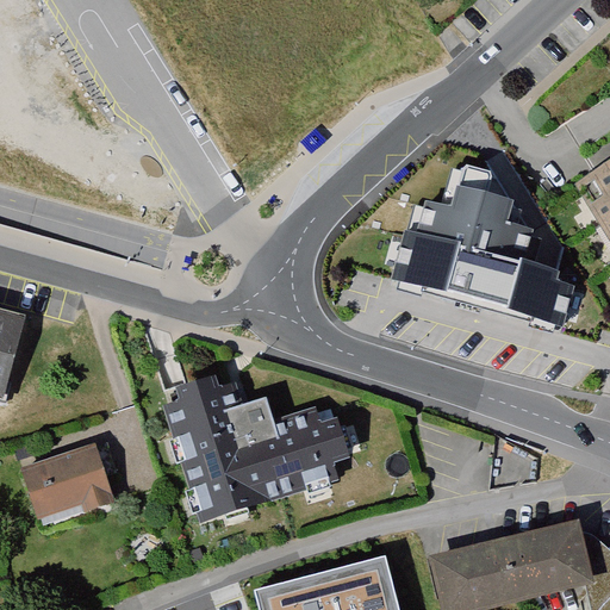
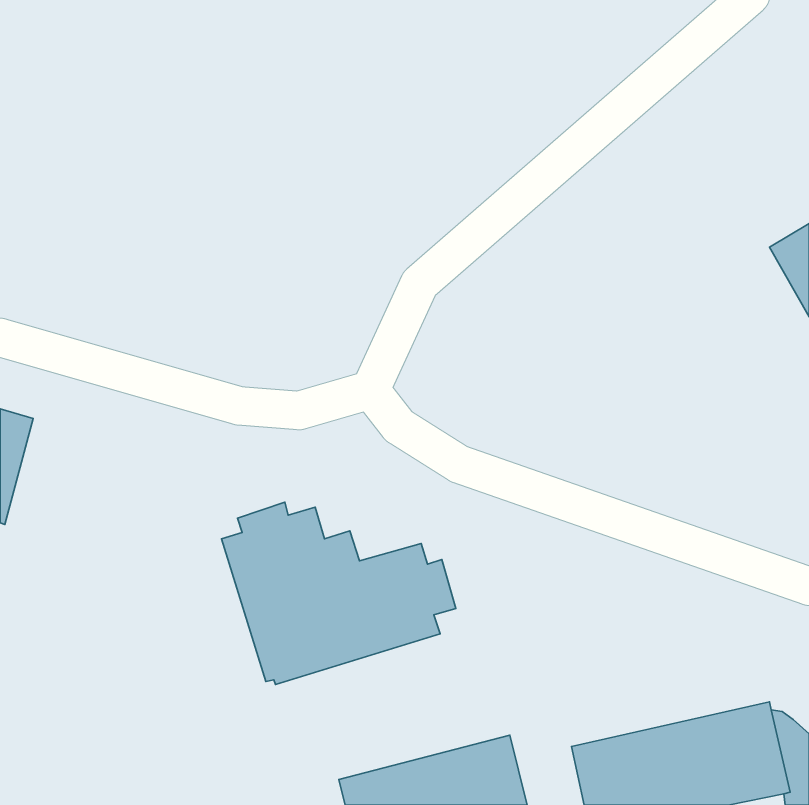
building: [396,167,572,320] -> none
building: [26,444,116,518] -> none

